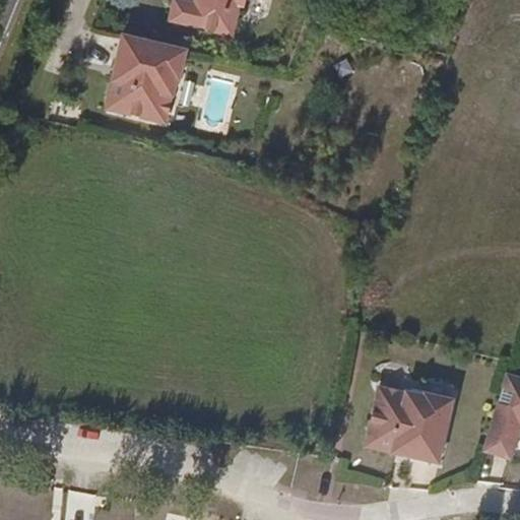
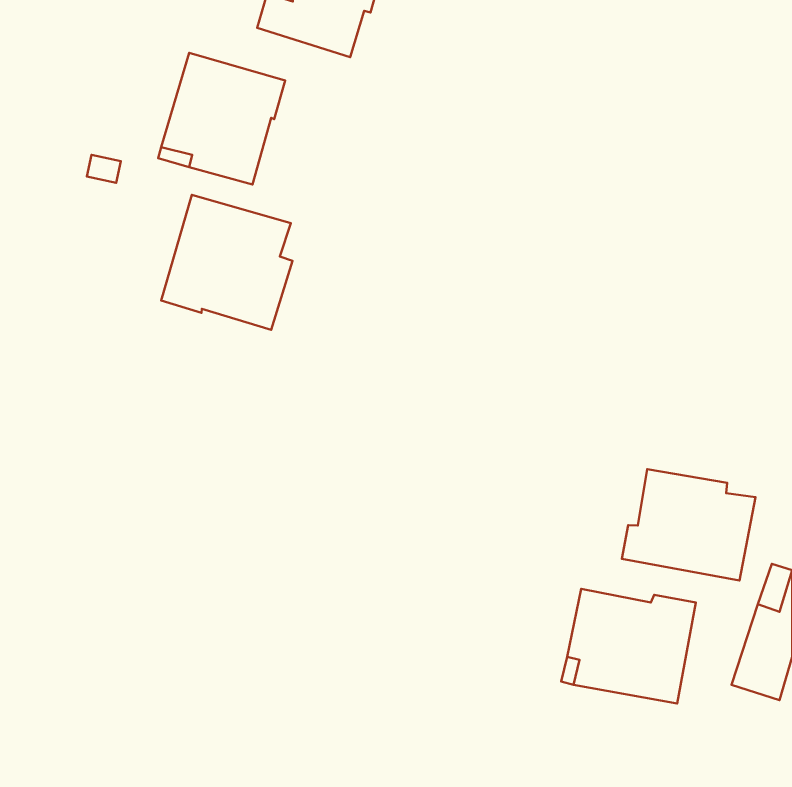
building: none -> [161,195,293,330]
building: none -> [622,469,756,581]

